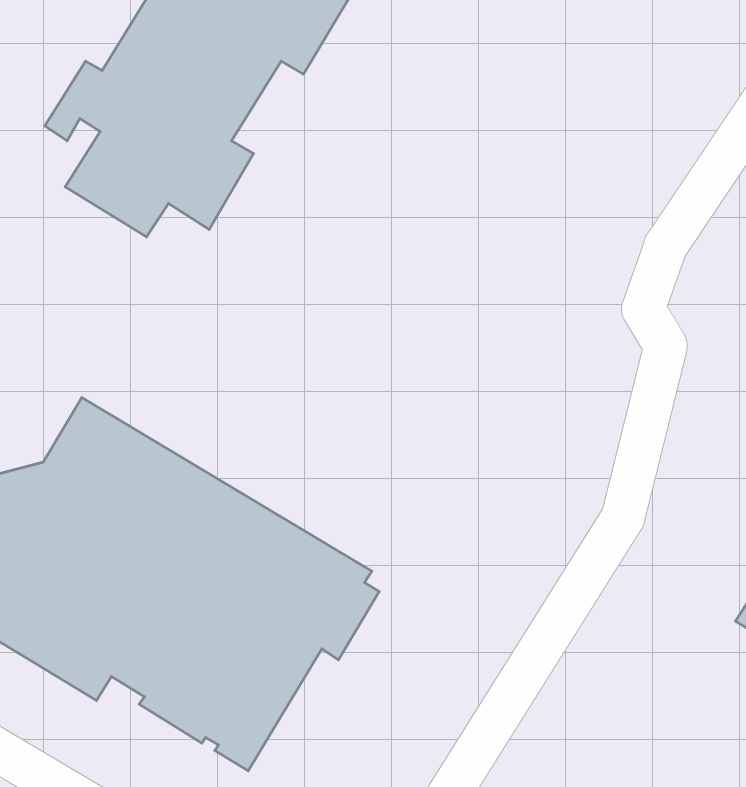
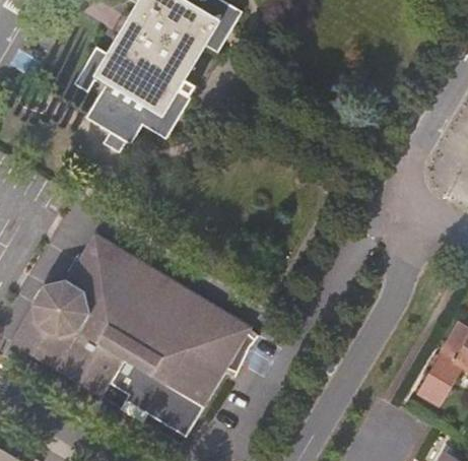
building: none -> [414,346,454,401]

